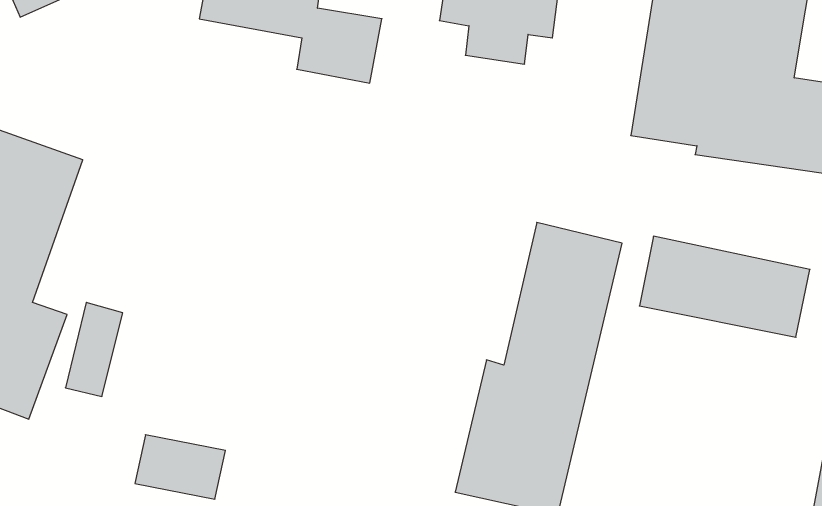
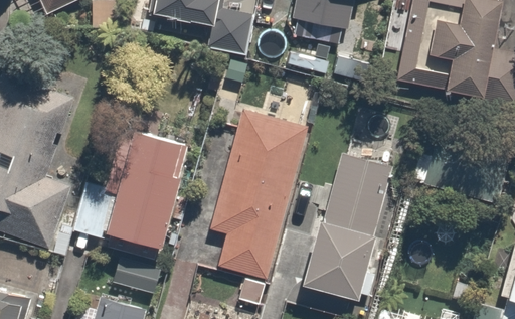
building: none -> [209,106,309,278]
building: none -> [102,128,187,249]

